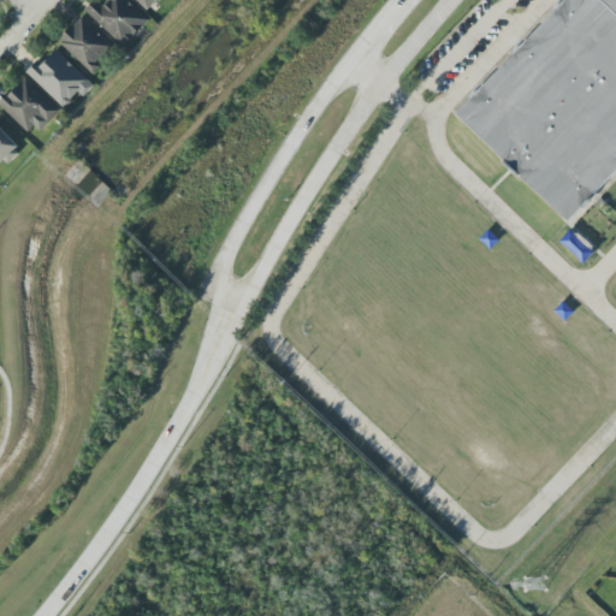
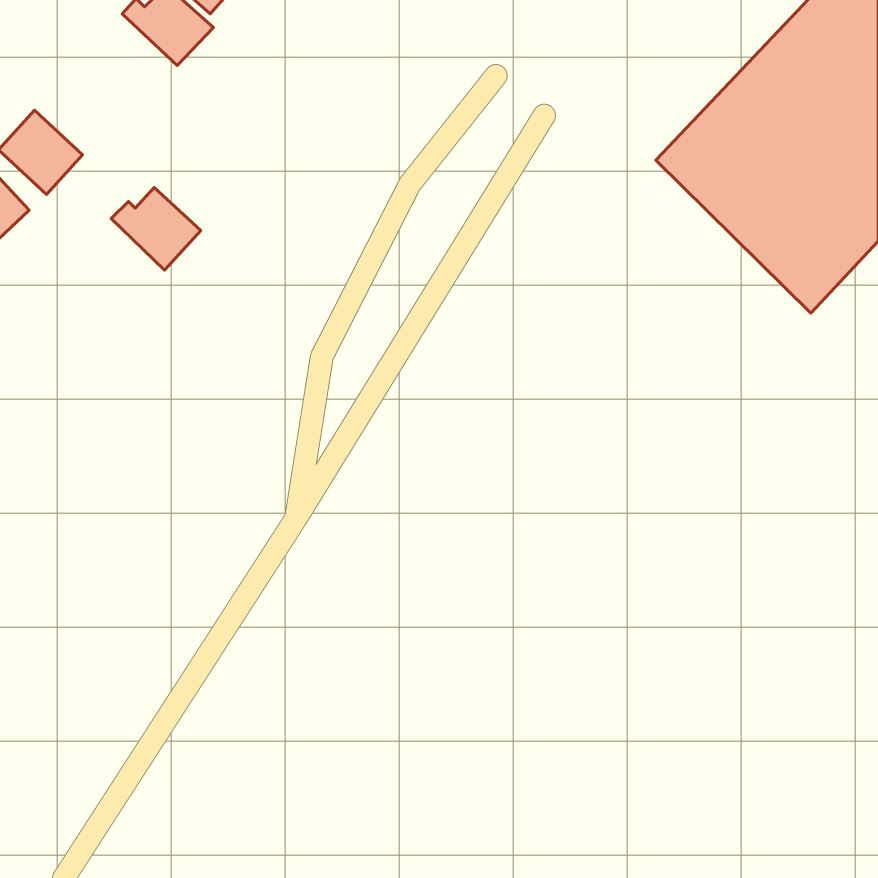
building: [58,17,112,73] -> none
building: [26,49,89,107] -> [111,188,201,270]

